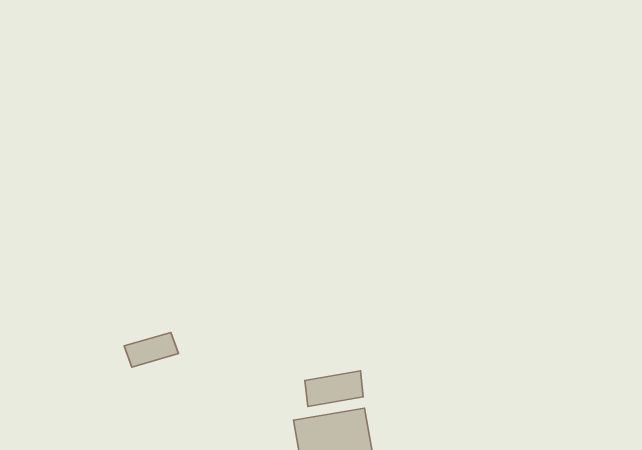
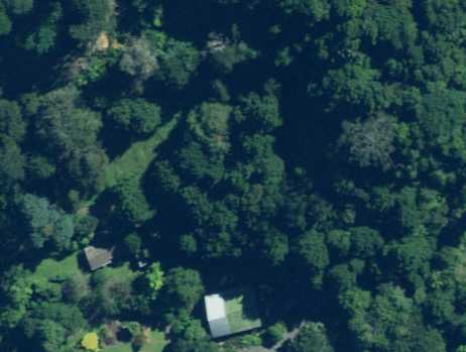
building: [305,371,363,406] -> none

